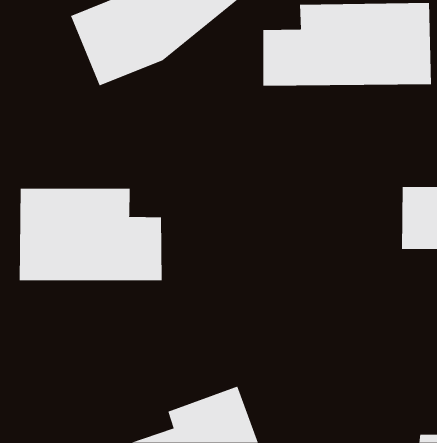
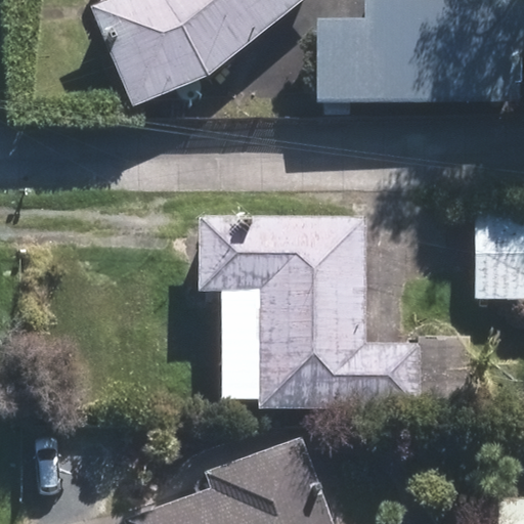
building: [19,188,162,281] -> none
building: none -> [205,231,403,399]

